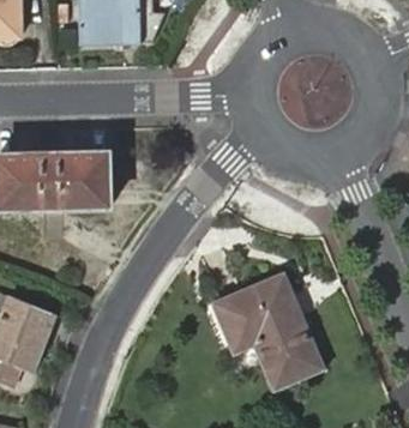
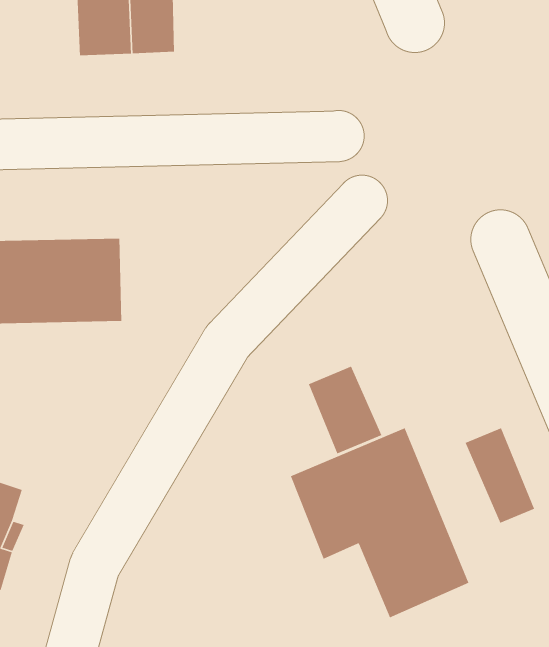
building: none -> [308,366,383,454]
building: none -> [465,427,535,524]

